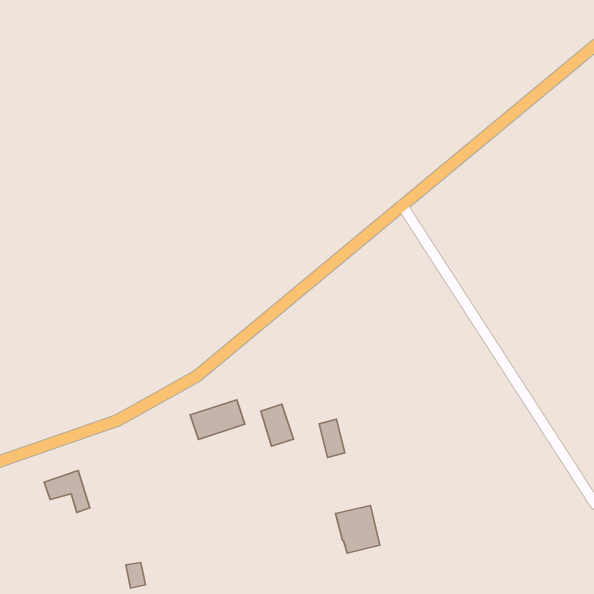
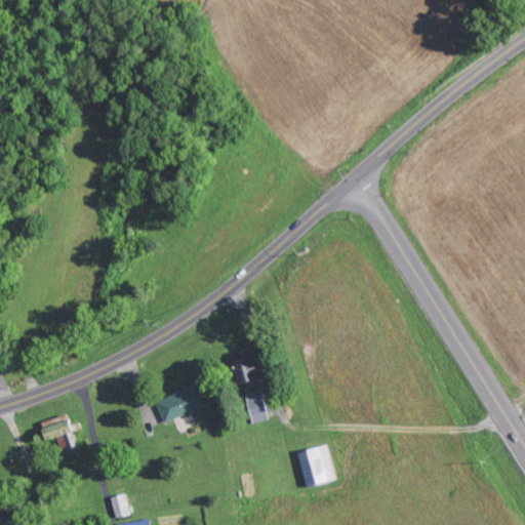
building: [190,400,245,439] -> [156,387,204,421]
building: [319,419,345,458] -> [245,390,268,423]

